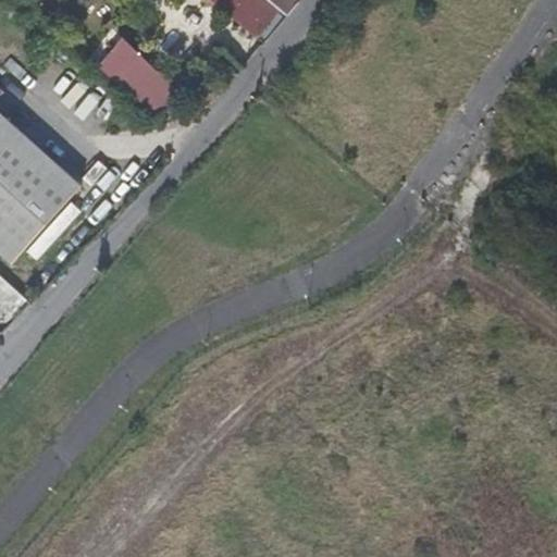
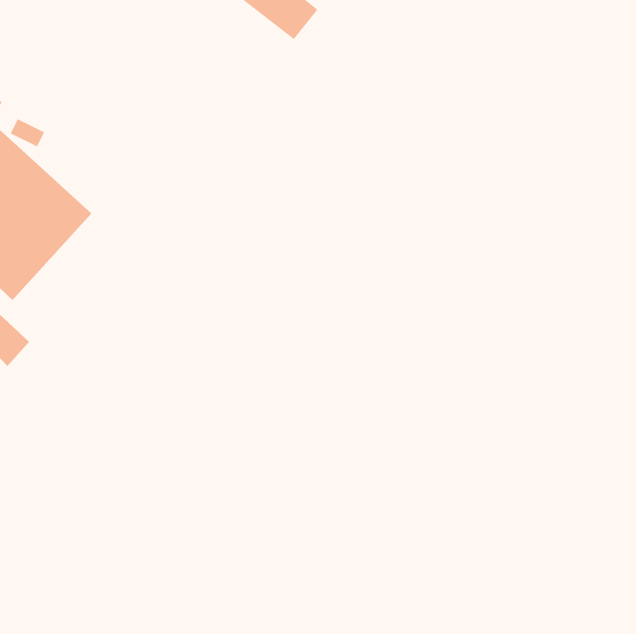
building: [94,35,181,121] -> none

